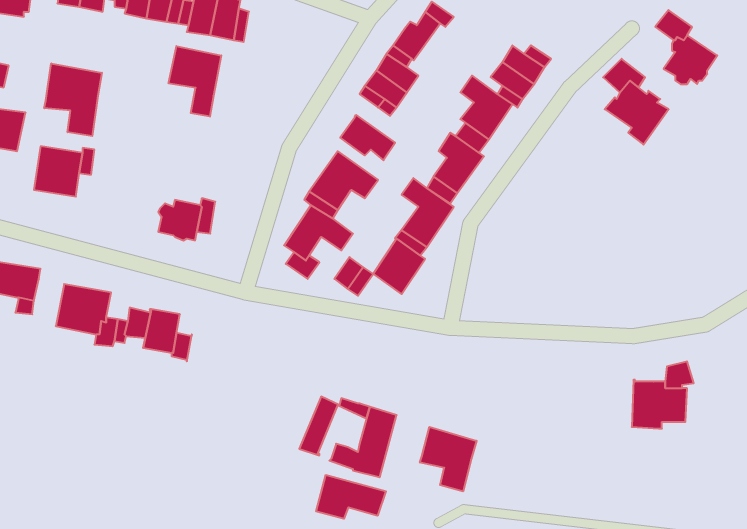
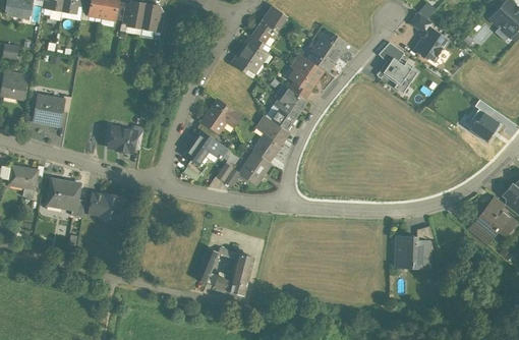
building: [169,46,221,117] -> none
building: [44,63,102,136] -> none
building: [340,115,395,160] -> none
building: [420,427,477,491] -> none
building: [316,475,386,519] -> none

